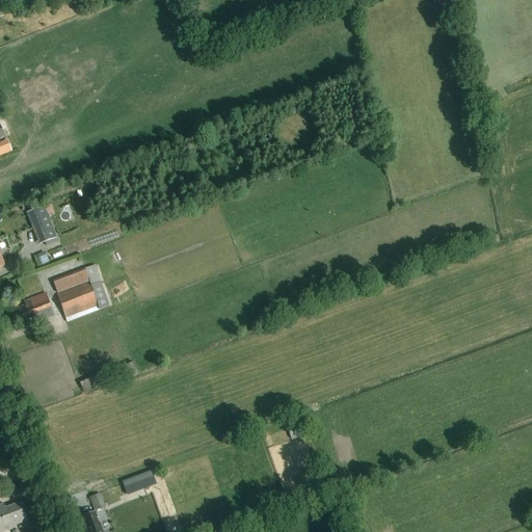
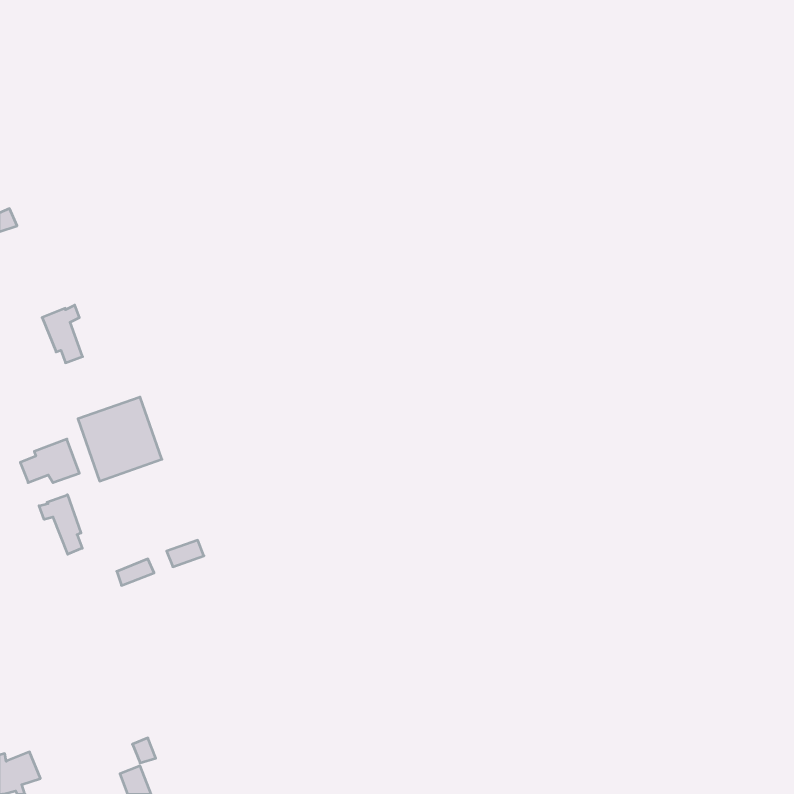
building: none -> [39,495,82,554]
building: [119,469,155,495] -> none

